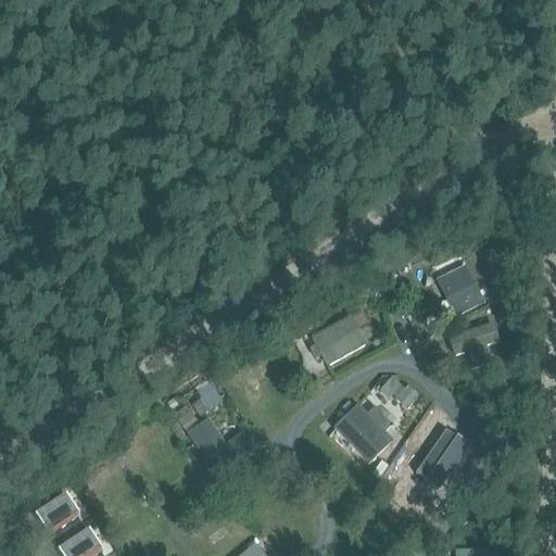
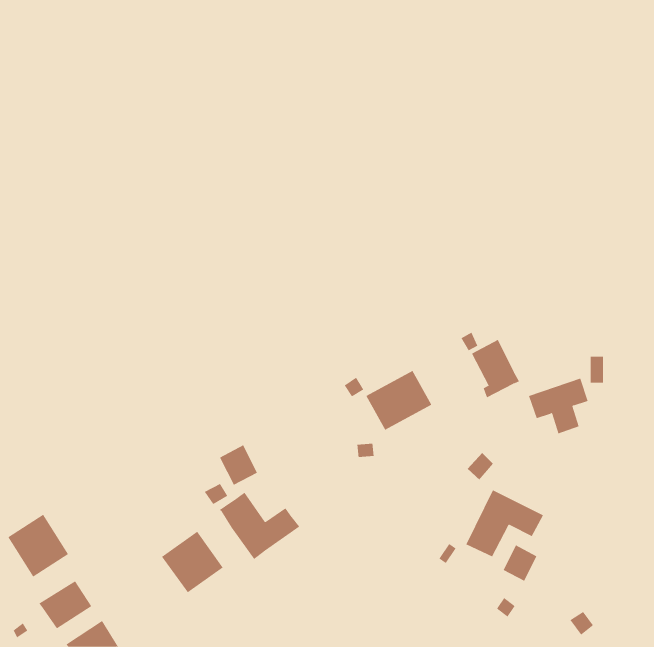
building: [441,264,482,314] -> [471,339,520,398]
building: [334,403,394,464] -> none
building: none -> [7,514,69,578]
building: none -> [161,531,224,593]

